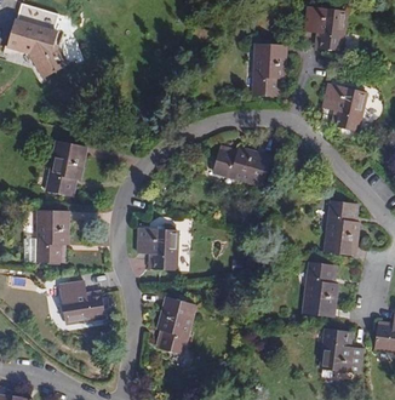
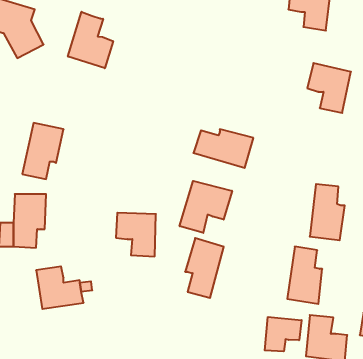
building: none -> [68,12,113,68]
building: [253,42,286,96] -> none
building: none -> [180,181,232,233]
building: [156,296,194,354] -> [185,238,224,298]
building: none -> [265,317,302,351]

